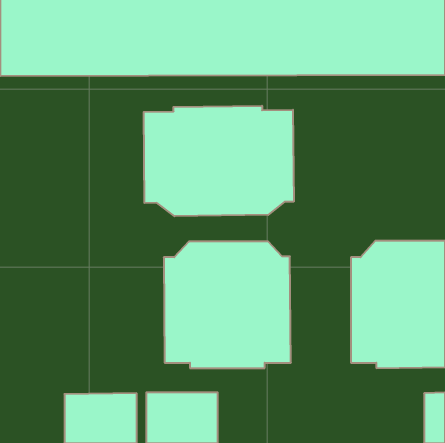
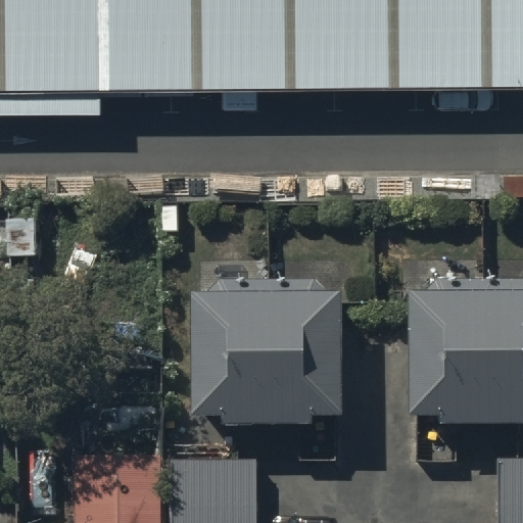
building: [144,106,294,216] -> none

